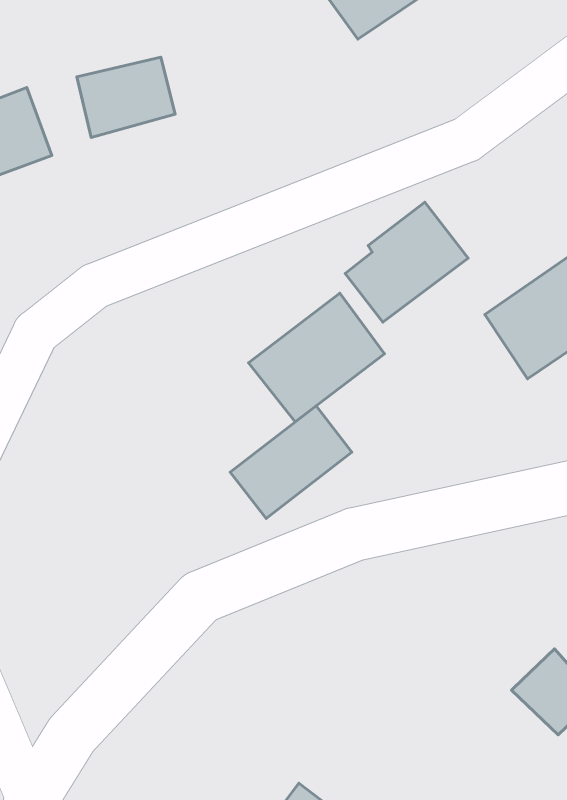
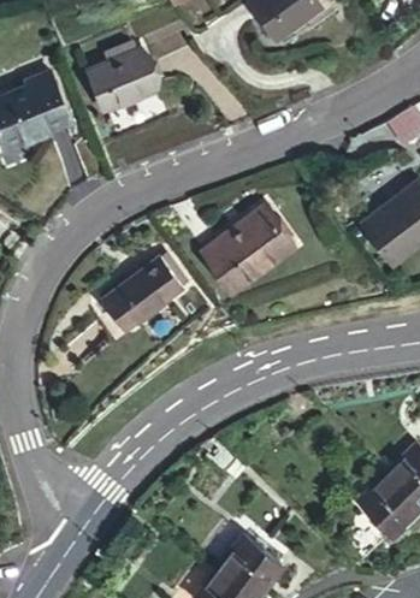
building: [345,202,468,322] -> none
building: [230,406,352,518] -> [103,257,185,333]
building: none -> [351,473,413,532]

